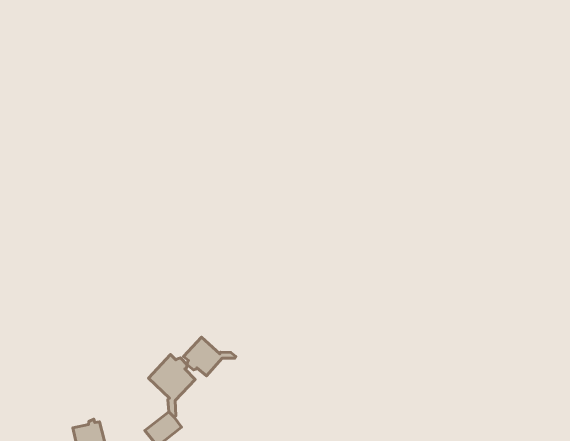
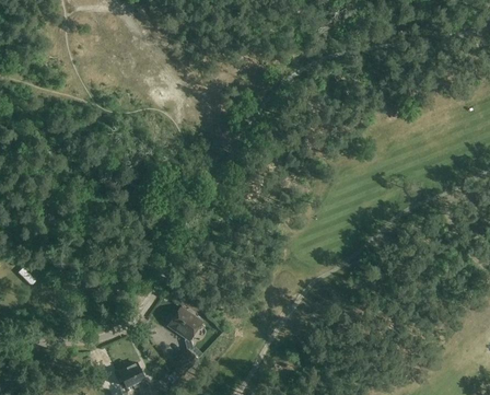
building: [184,337,236,376] -> none

